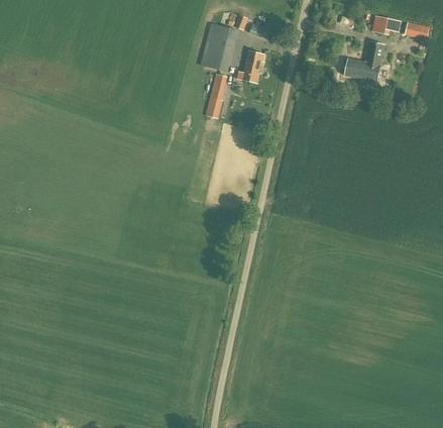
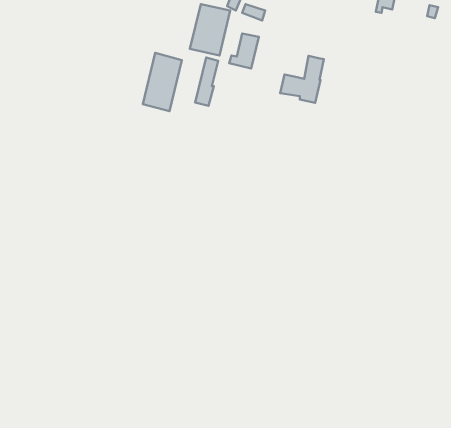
building: [344,41,384,85] -> [280,56,324,103]
building: none -> [143,53,182,111]

